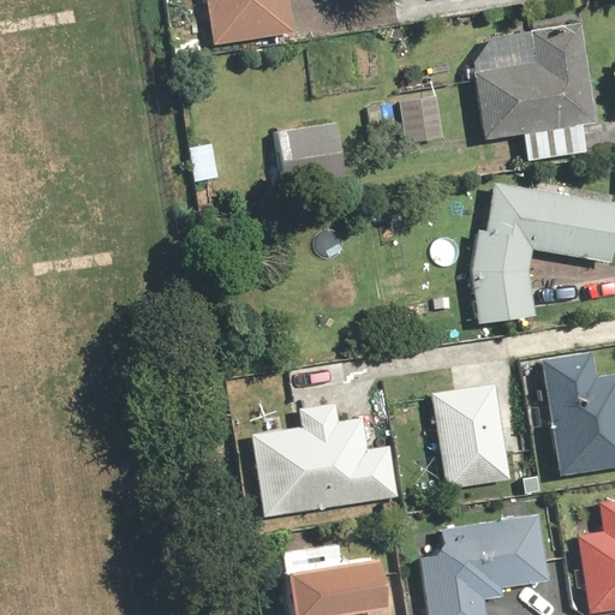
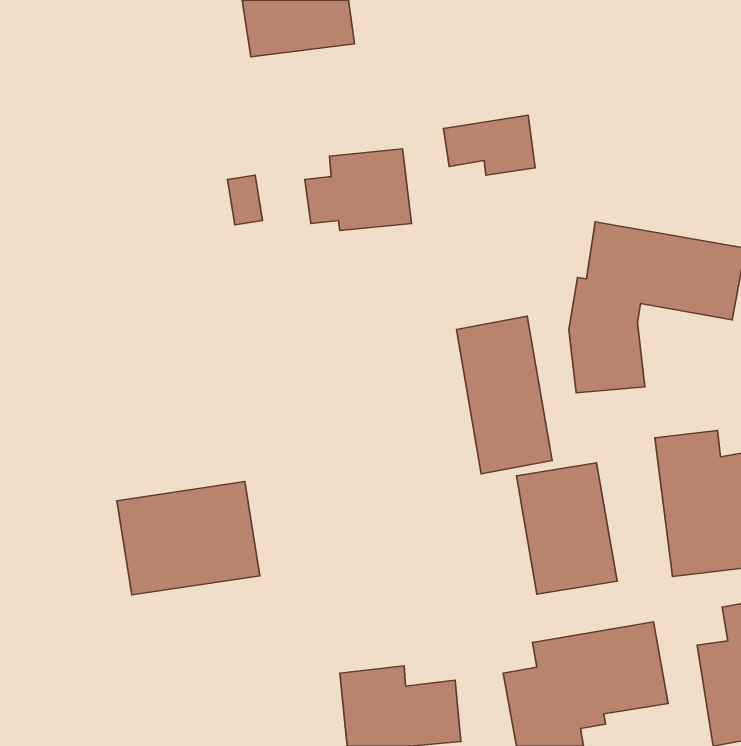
building: [472,19,597,159] -> none
building: none -> [456,316,552,474]
building: none -> [117,481,260,595]
building: [253,398,401,517] -> none

